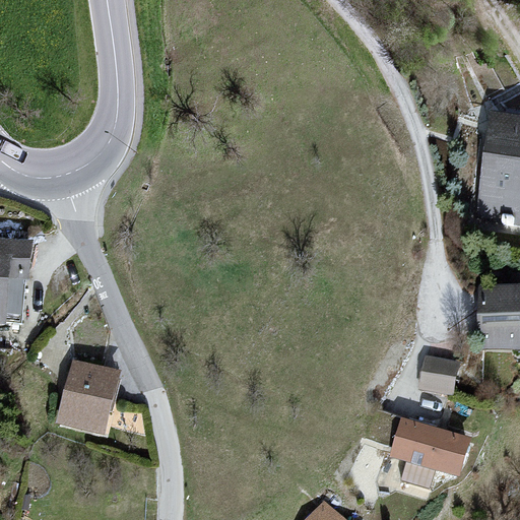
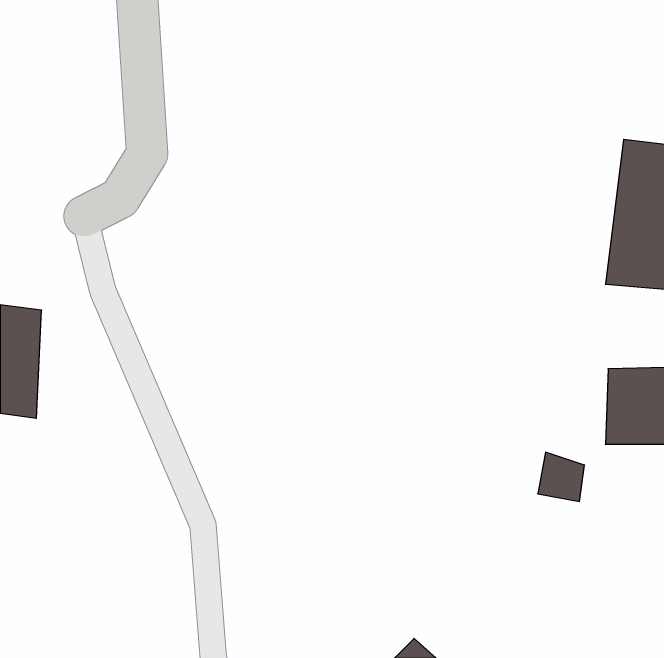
building: [56,360,123,435] -> none
building: [387,420,469,489] -> none

